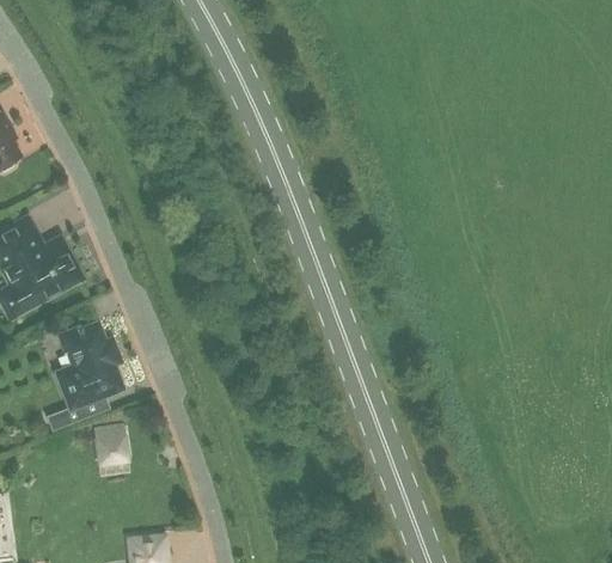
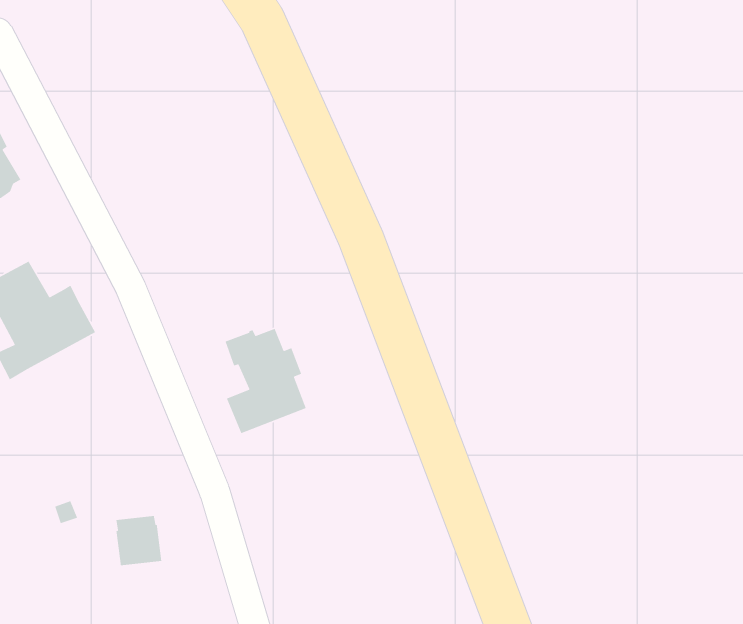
building: [56,323,122,408] -> [224,328,307,434]

